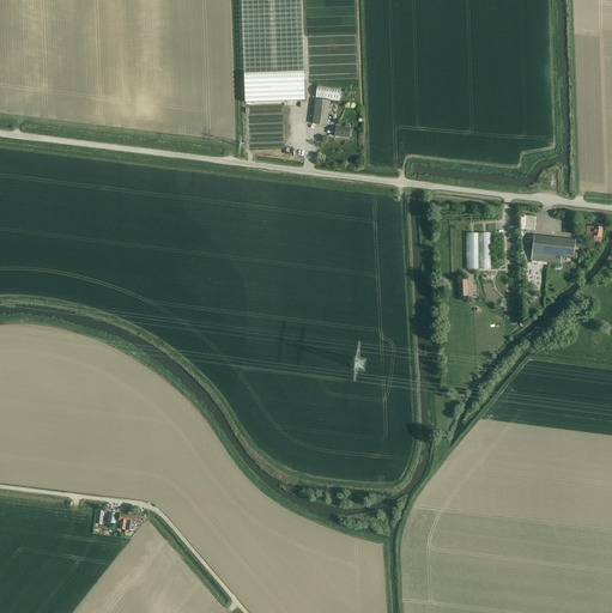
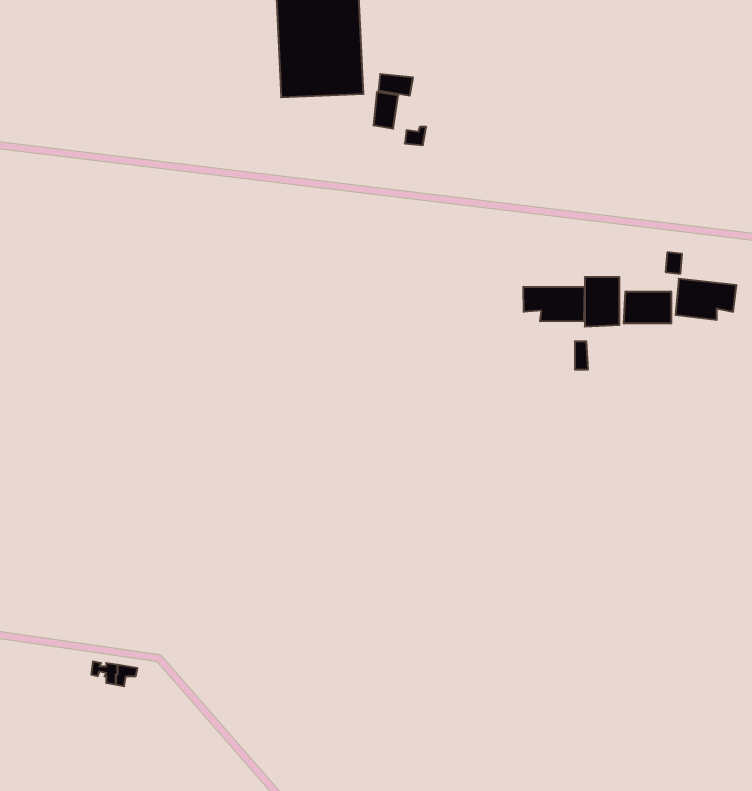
building: none -> [523,287,585,321]
building: none -> [624,291,671,324]

